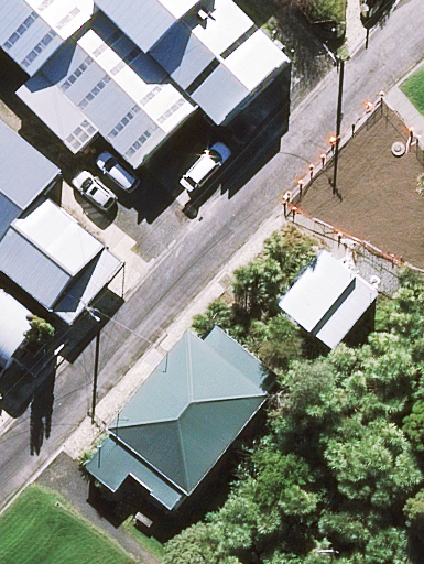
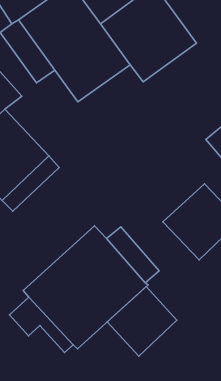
building: none -> [107,286,177,356]

